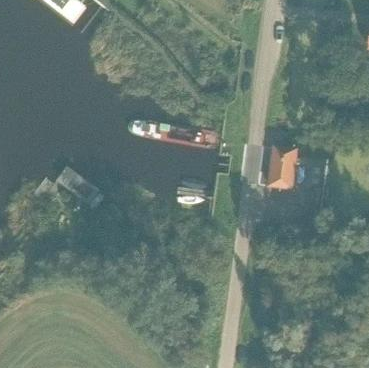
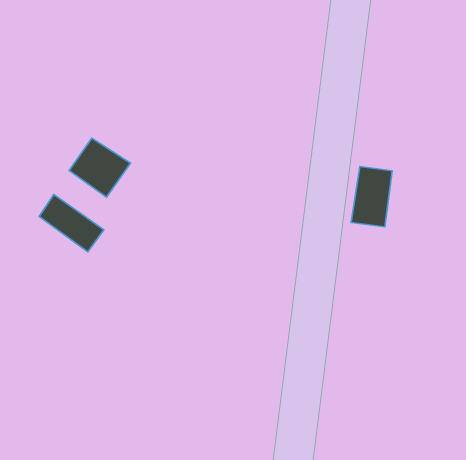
building: none -> [69,138,130,197]

